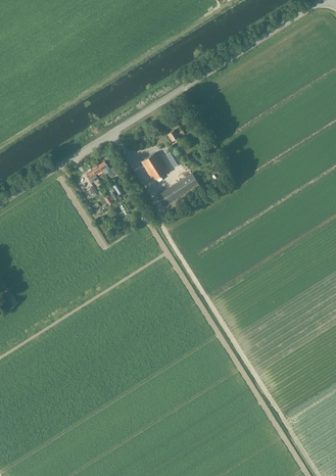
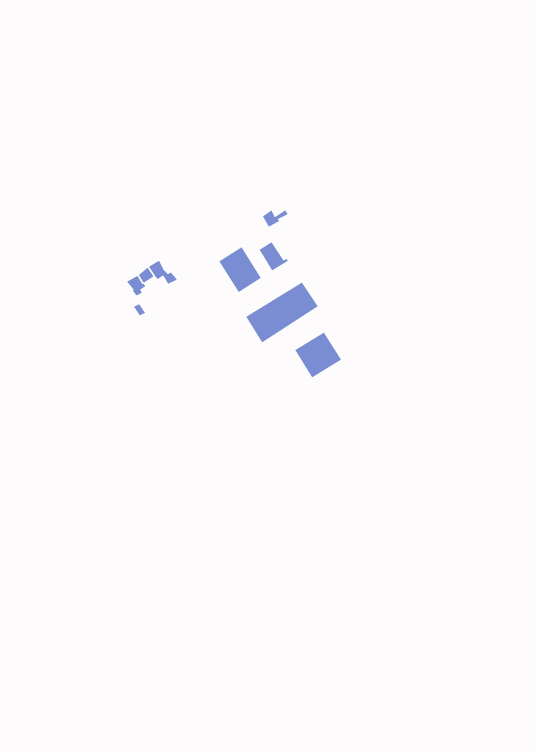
building: none -> [294,331,342,378]

